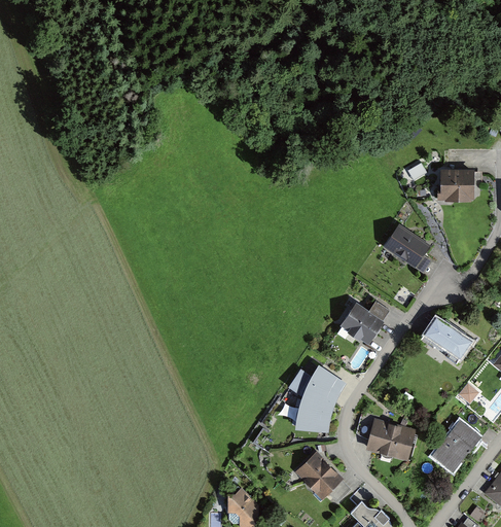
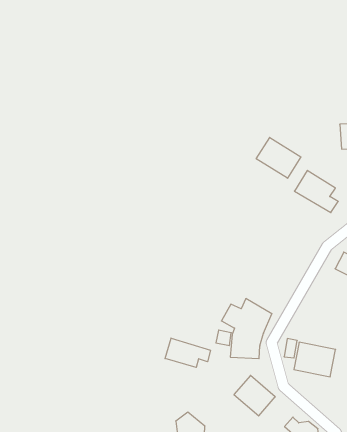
building: none -> [256,137,301,178]
building: [341,302,389,344] -> none
building: none -> [165,338,211,367]

